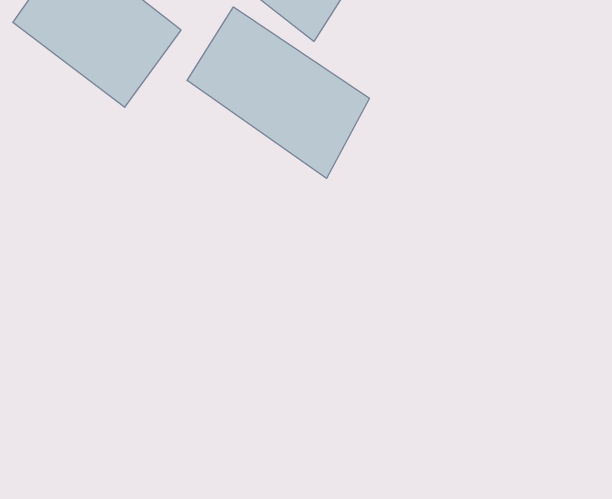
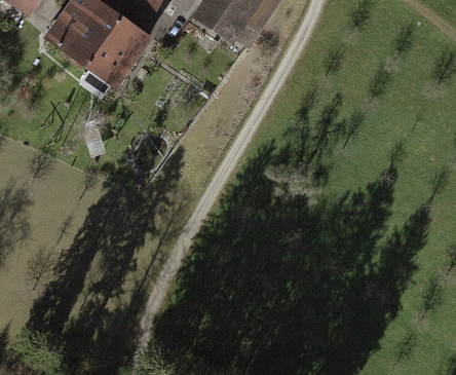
building: [187,7,369,178] -> none

